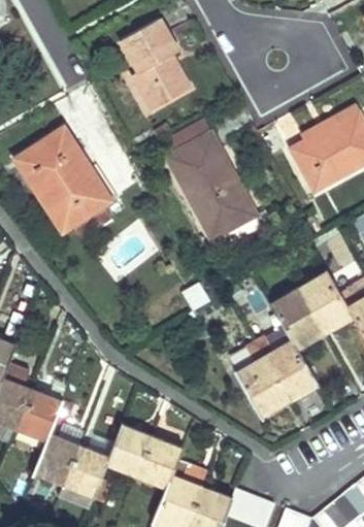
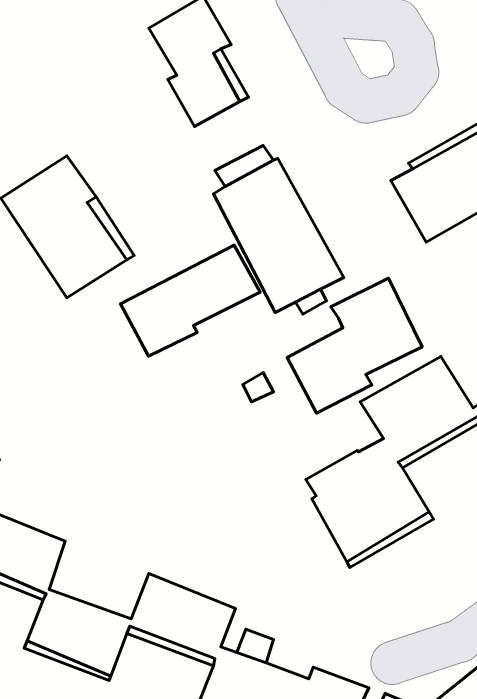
building: none -> [120,245,260,356]
building: none -> [287,278,422,413]

